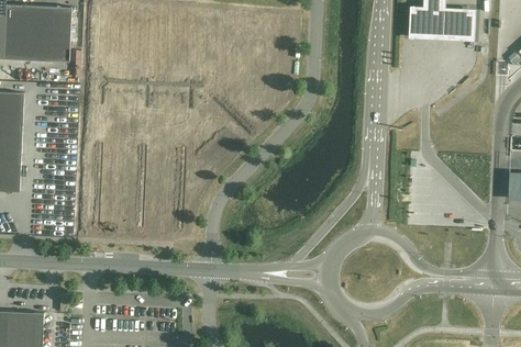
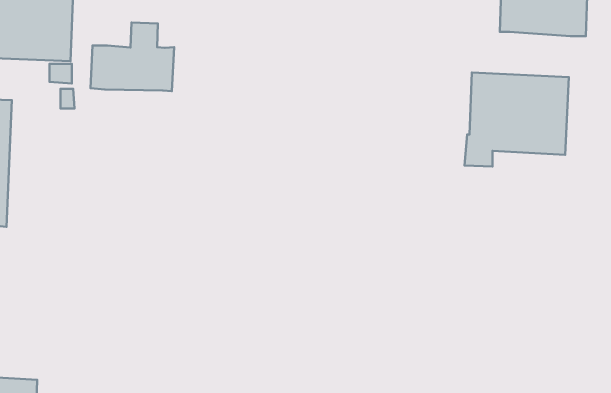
building: none -> [90,23,174,91]
building: none -> [465,72,569,167]

